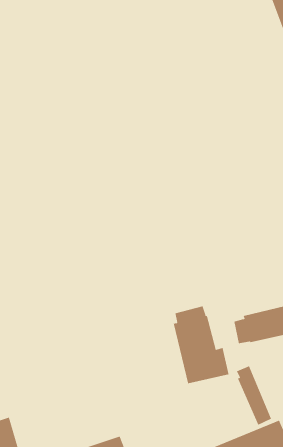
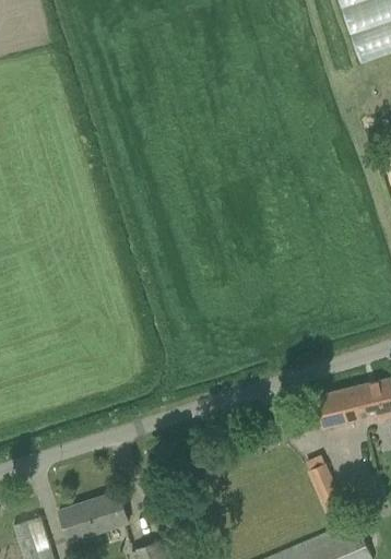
building: [173,305,229,384] -> none
building: none -> [59,491,127,540]

